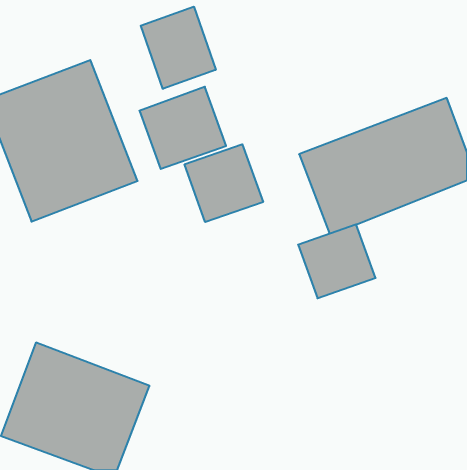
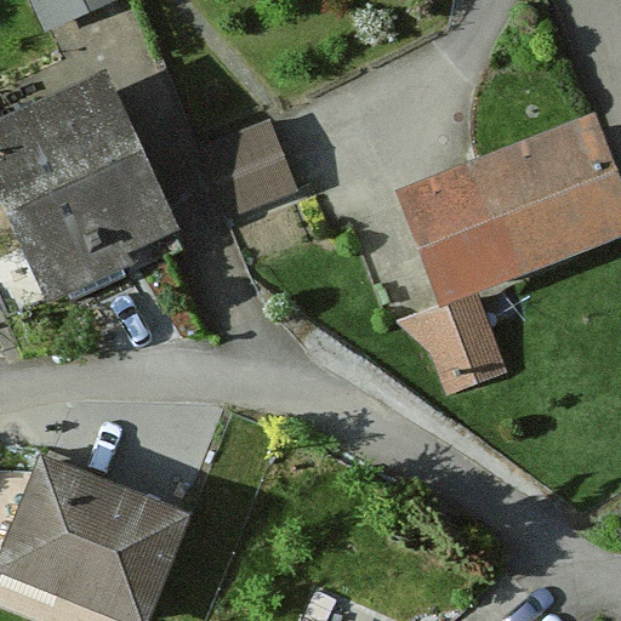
building: [141,7,216,89] -> none
building: [185,144,263,222] -> none

